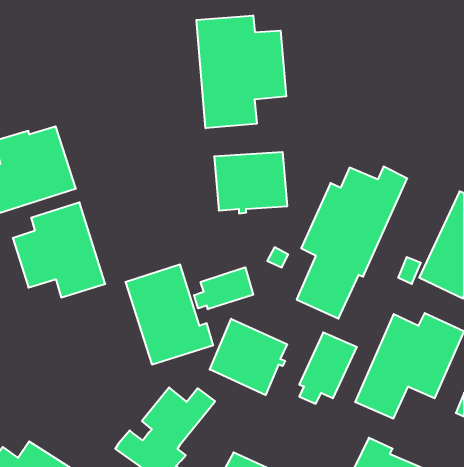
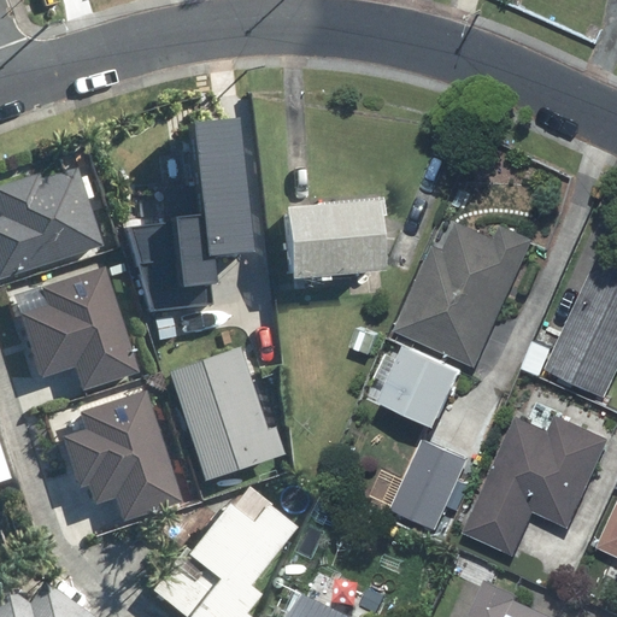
building: [196,15,286,128] -> none
building: none -> [122,122,252,311]
building: [194,267,253,309] -> none
building: none -> [59,392,184,517]
building: [210,319,287,395] -> none

